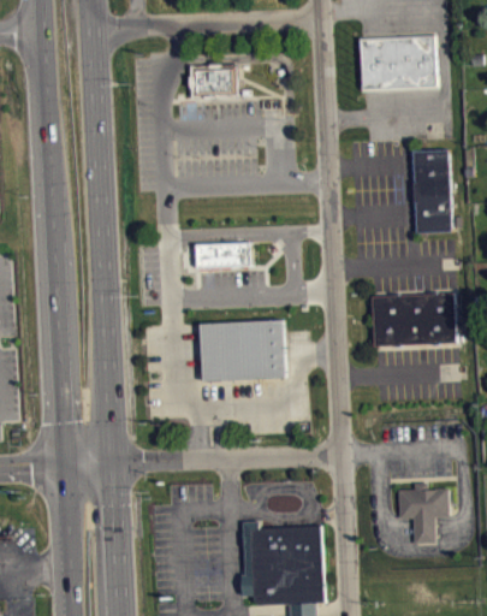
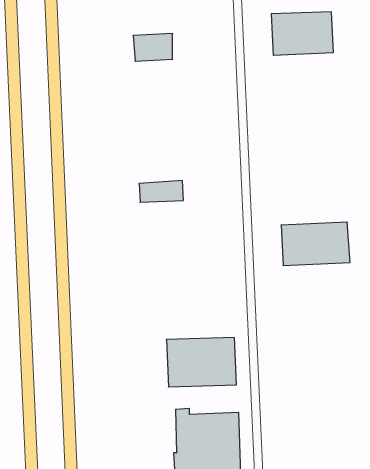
building: [412,150,451,232] -> none
building: [201,320,286,380] -> [166,338,236,387]
building: [398,482,447,541] -> none

